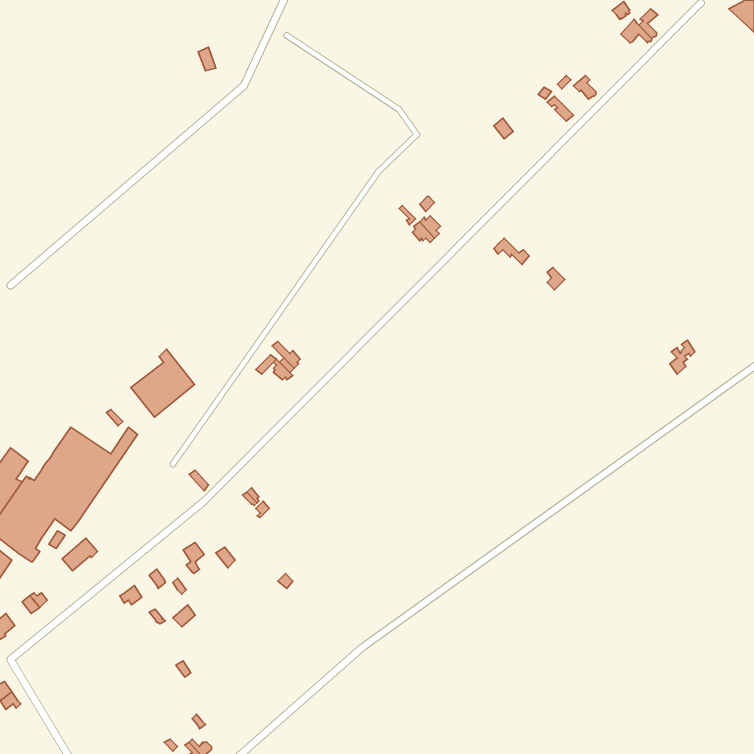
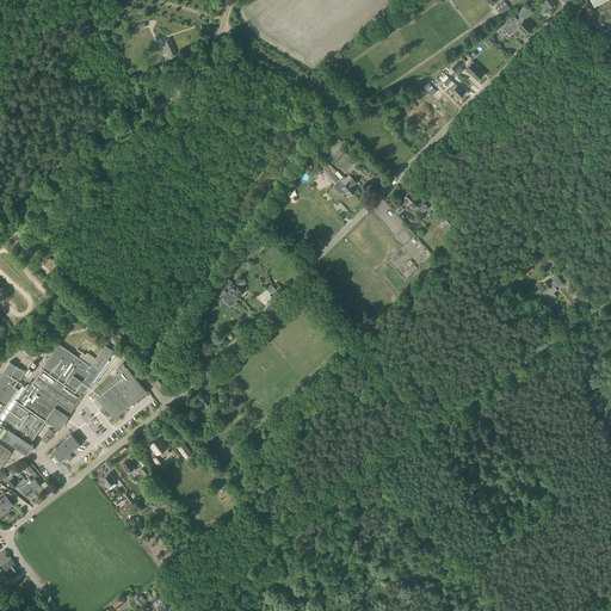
building: [131,349,195,417] -> [93,364,144,419]

